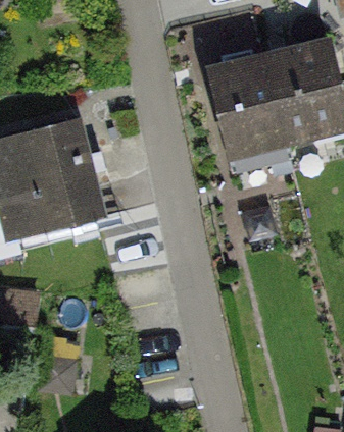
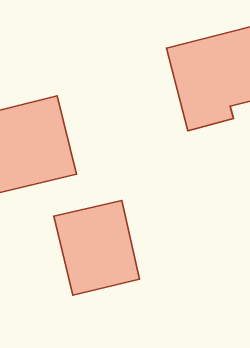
building: none -> [54,201,140,295]

